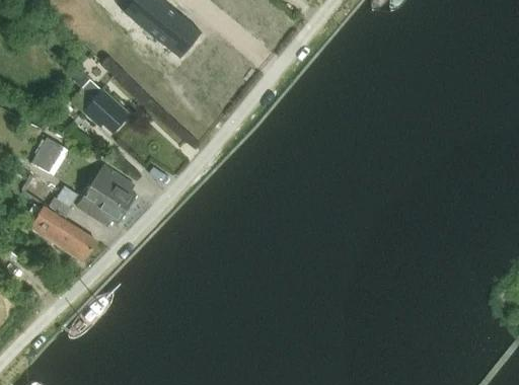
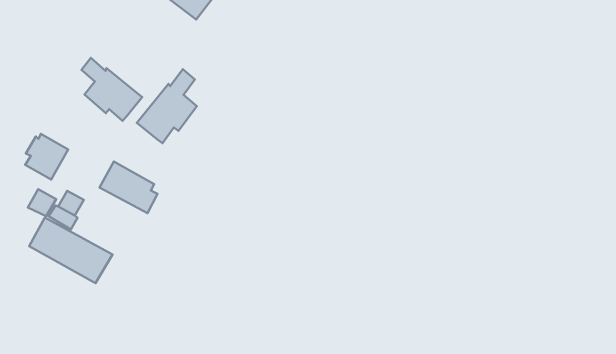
building: none -> [137,69,197,143]
building: [76,184,127,225] -> none

